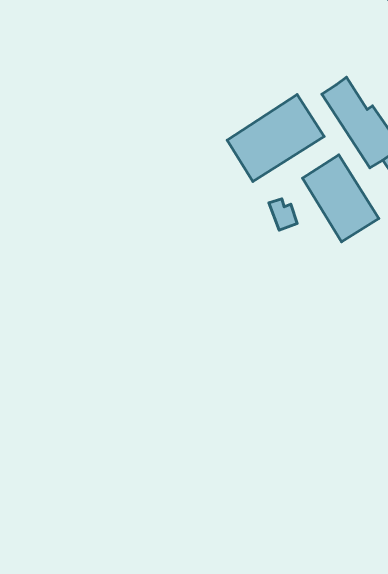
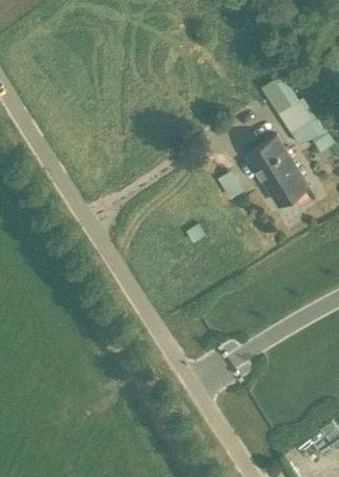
building: [227,95,324,181] -> none

